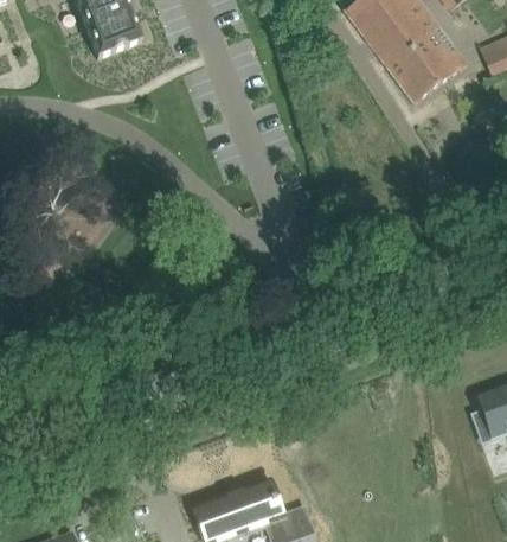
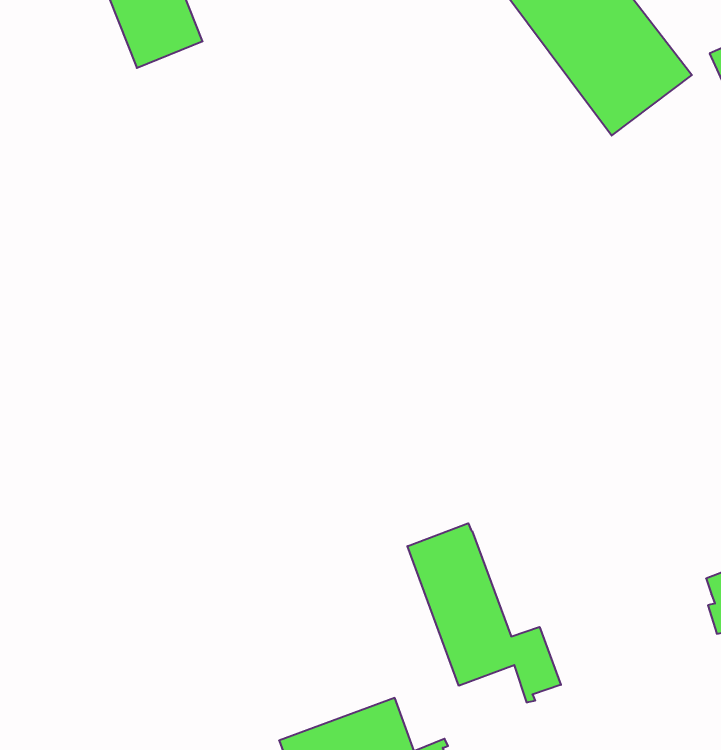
building: none -> [407,523,561,703]

